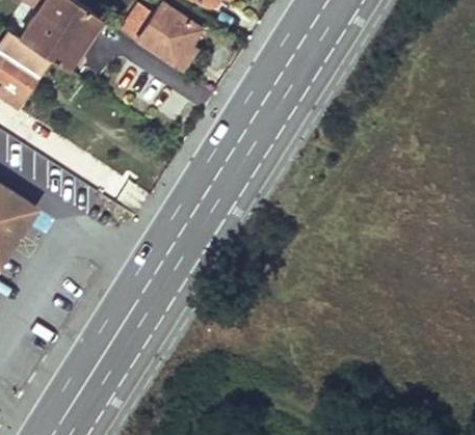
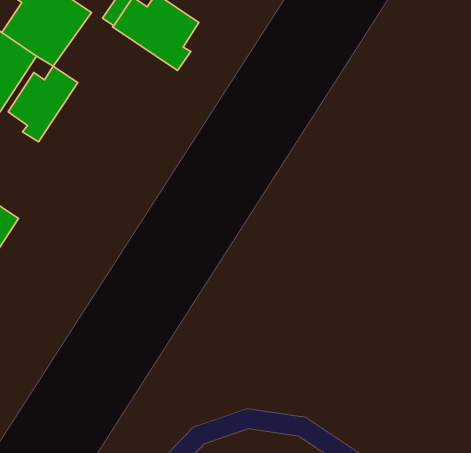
building: none -> [8,66,78,142]

